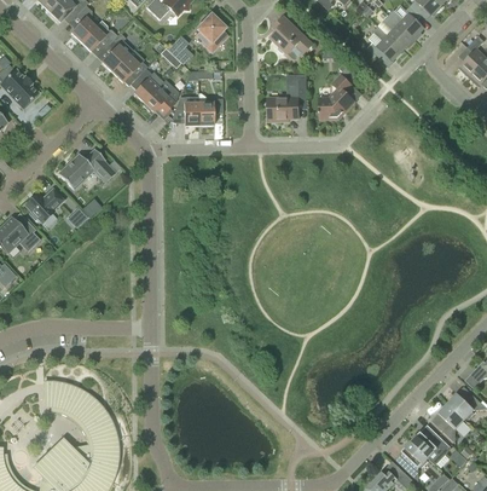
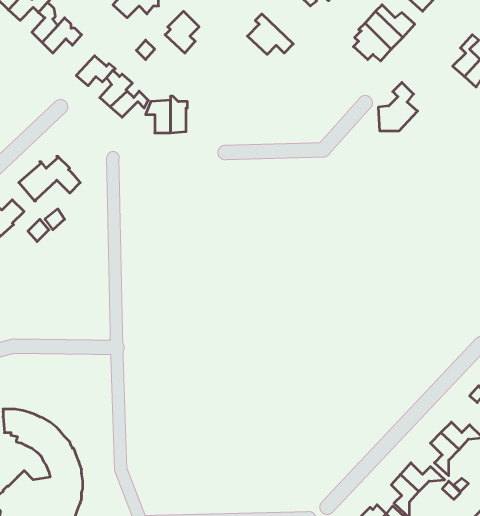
building: [102,33,133,73] -> none
building: [267,73,306,121] -> none
building: [319,74,355,119] -> [378,82,418,131]

